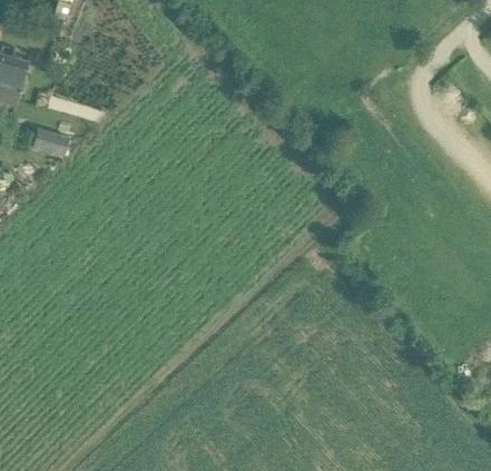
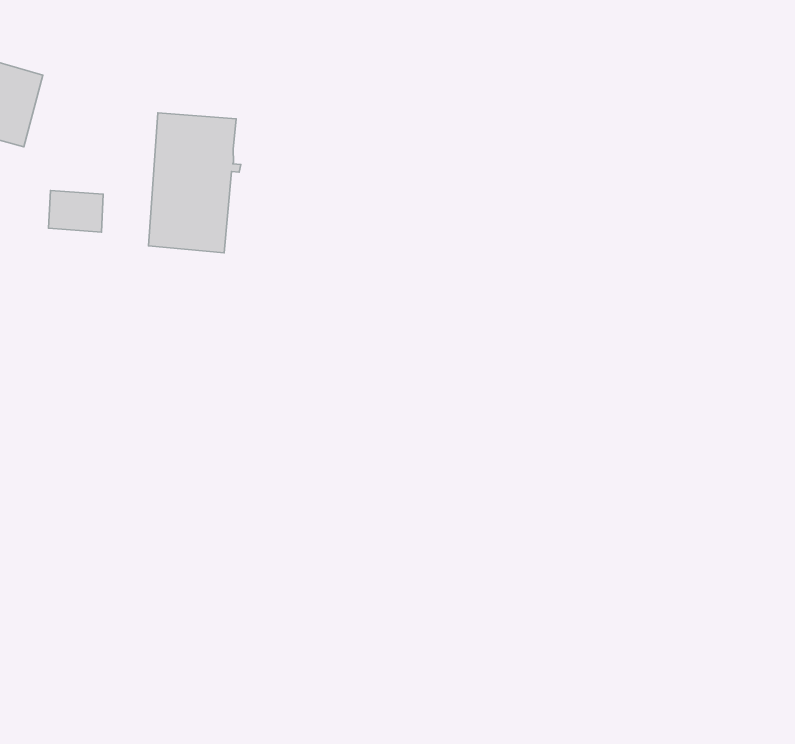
building: none -> [148,113,241,253]

